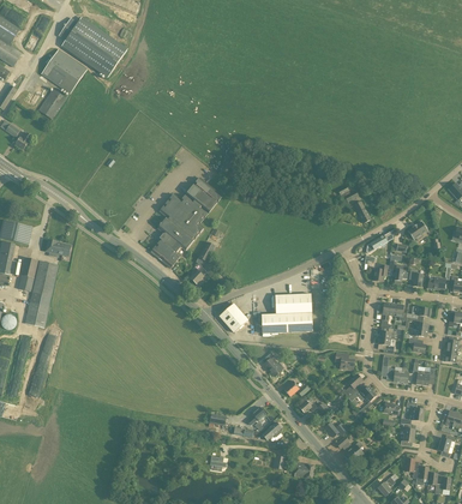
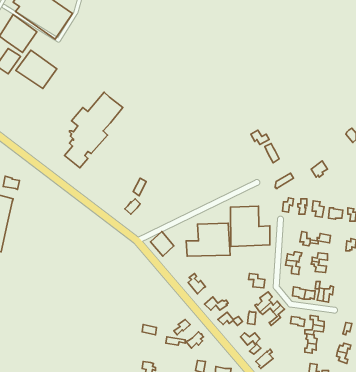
building: none -> [16,50,57,89]
building: [152,176,221,265] -> [64,92,123,168]
building: none -> [231,206,270,247]

